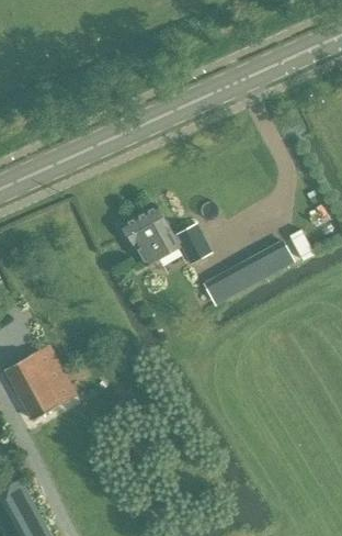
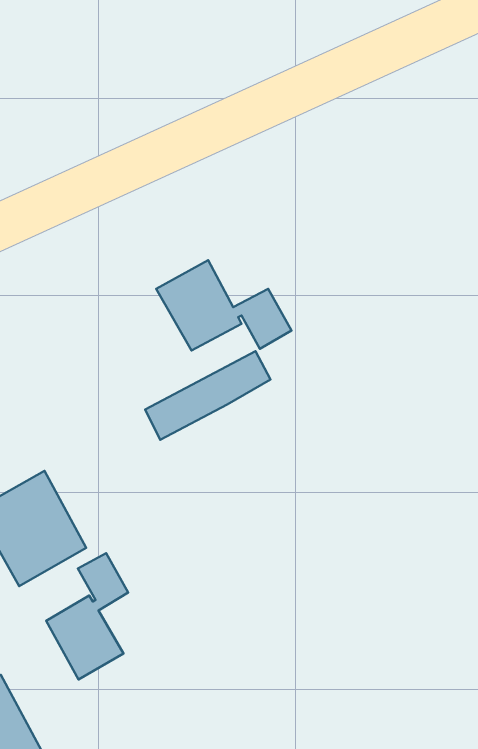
building: [212,243,294,301] -> [145,351,270,440]
building: none -> [46,553,128,679]

